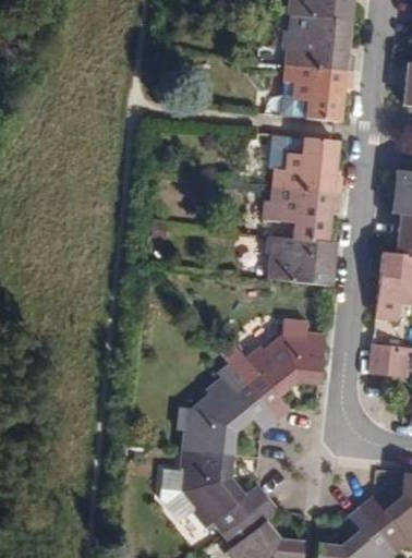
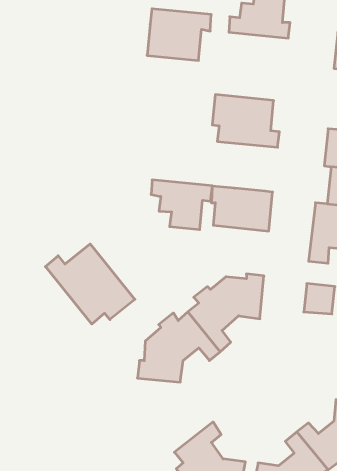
building: [280,62,352,120] -> [147,9,211,60]
building: [271,184,340,240] -> [151,180,212,230]
building: none -> [45,244,135,324]
building: [159,449,268,532] -> none

